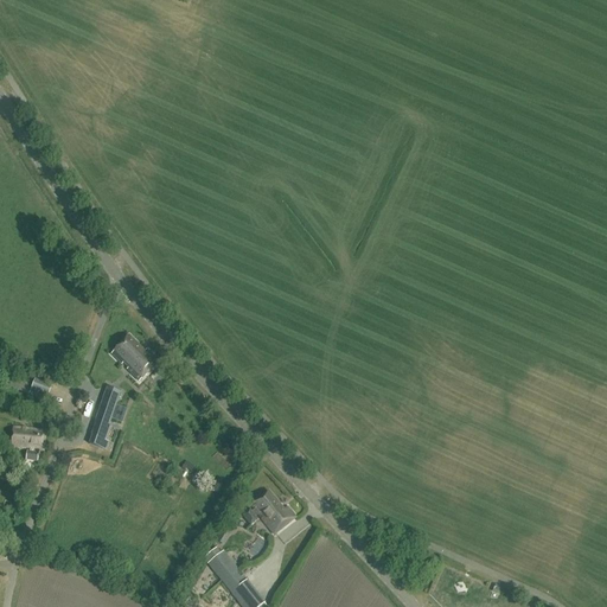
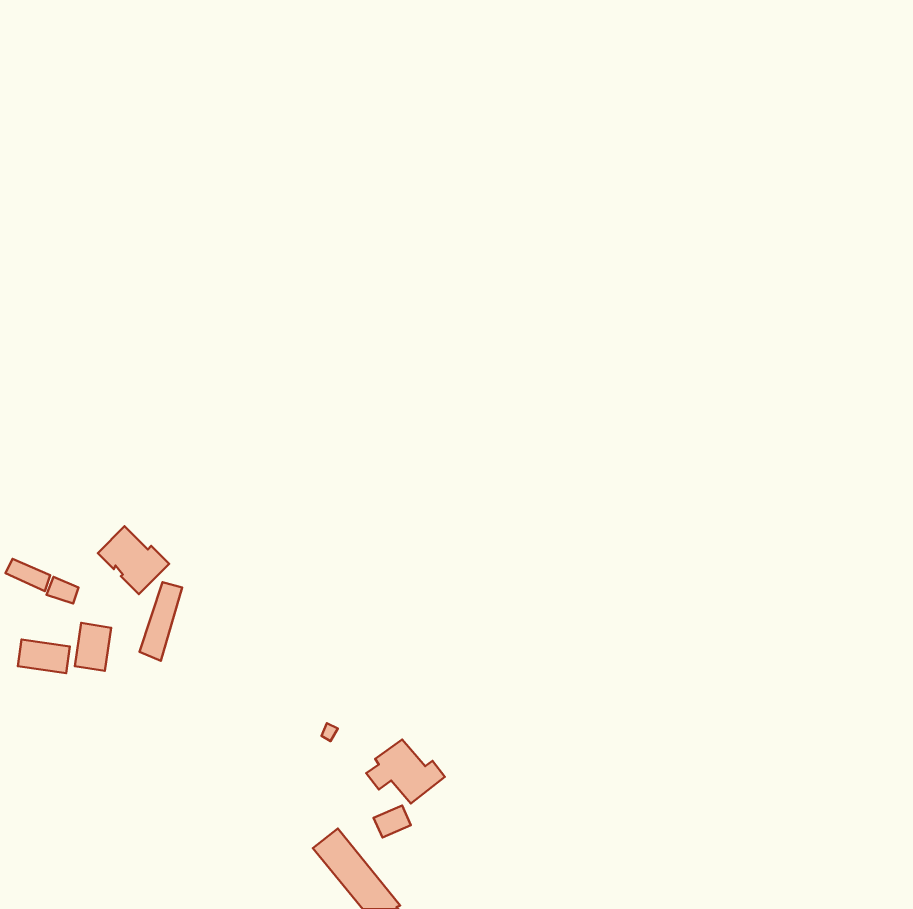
building: [111,334,159,379] -> [98,526,169,594]
building: none -> [75,623,111,671]

